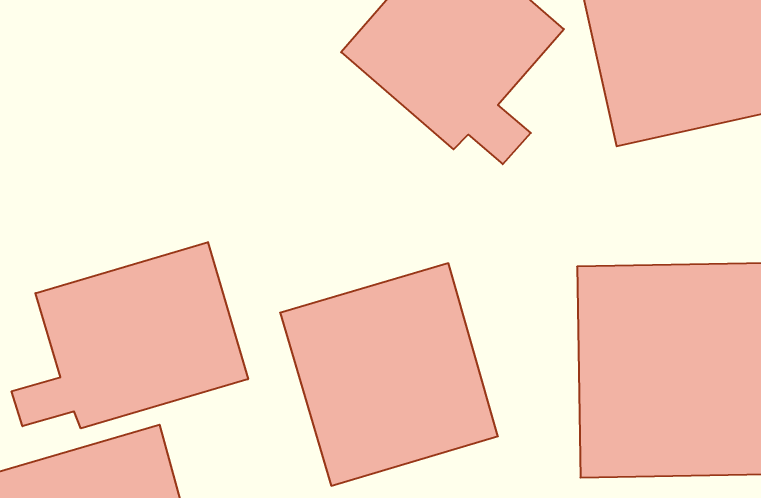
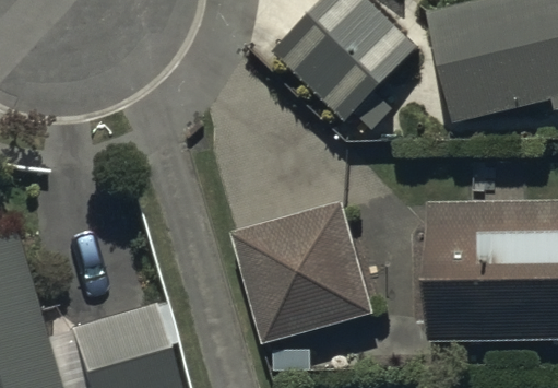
building: [12,242,248,428] -> none

